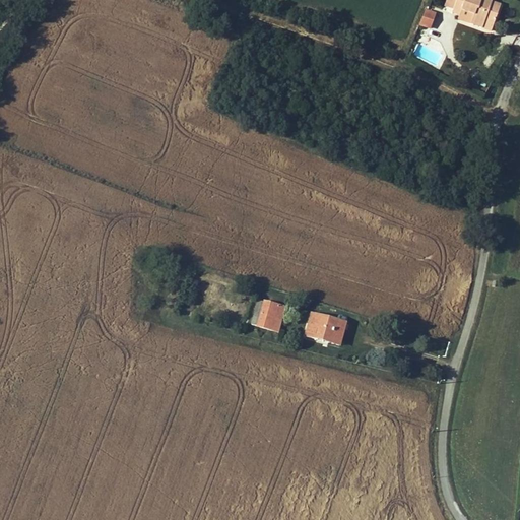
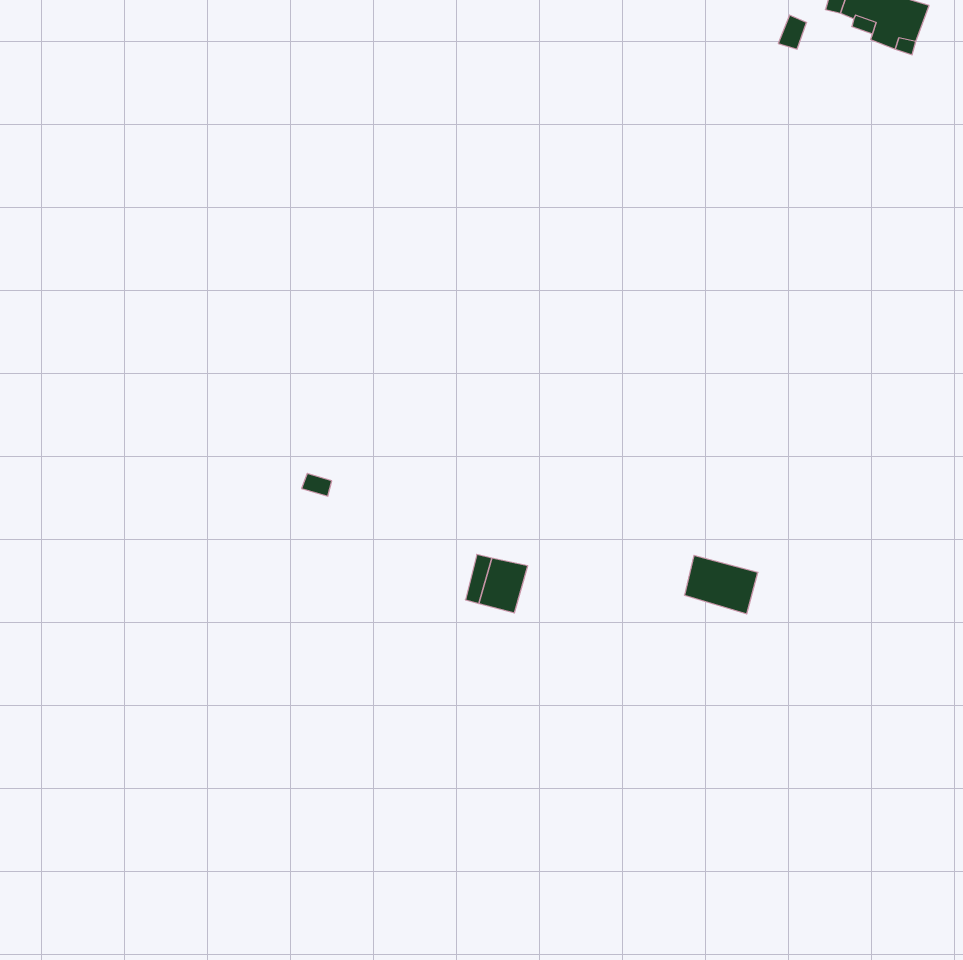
building: [306,313,345,344] -> [684,555,758,614]

